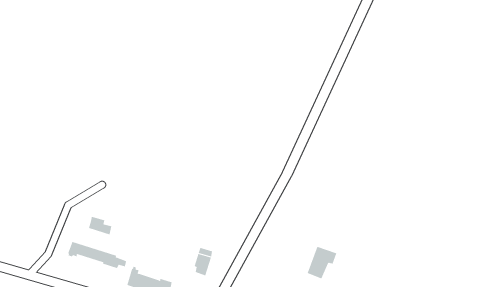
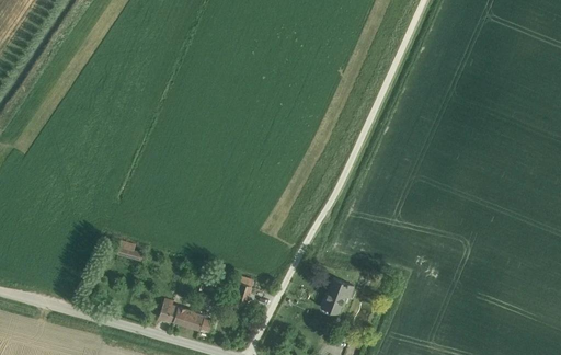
building: [67,241,127,269] -> none
building: [307,246,337,279] -> [322,278,355,314]

